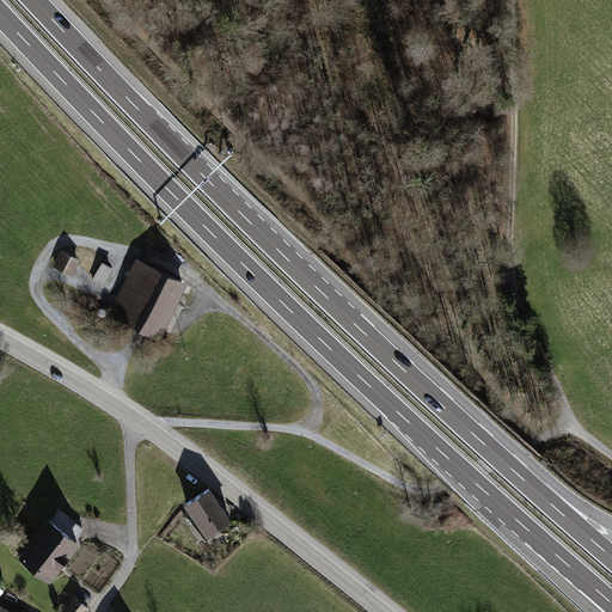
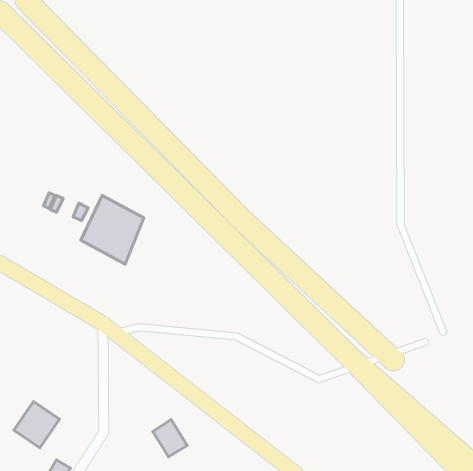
building: [188,492,232,540] -> [153,420,187,457]

